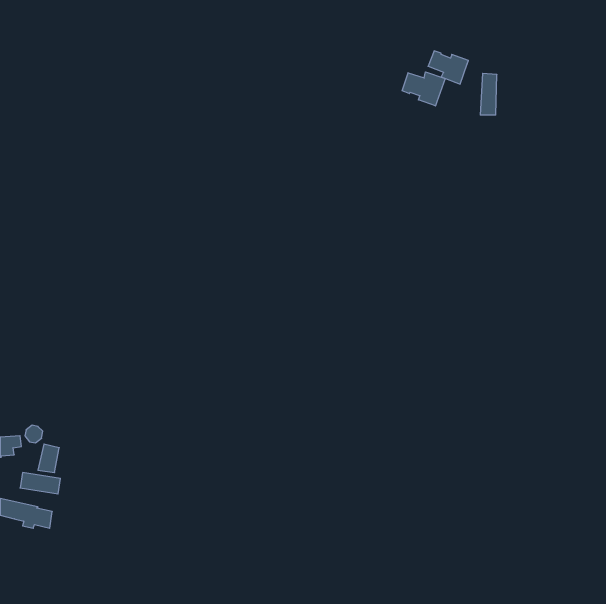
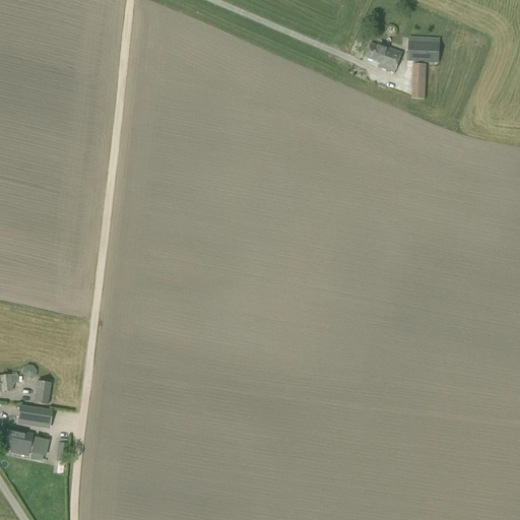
building: none -> [407,37,441,63]
building: [402,72,445,106] -> none

